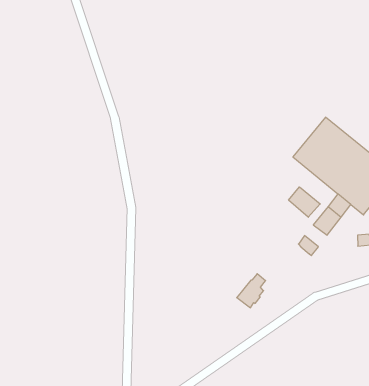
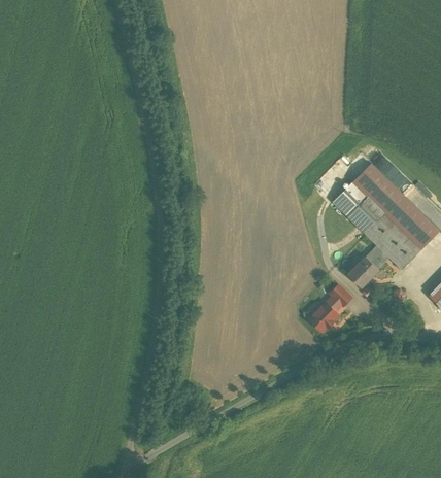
building: [289,187,320,217] -> none
building: [237,274,266,308] -> [309,296,341,331]

